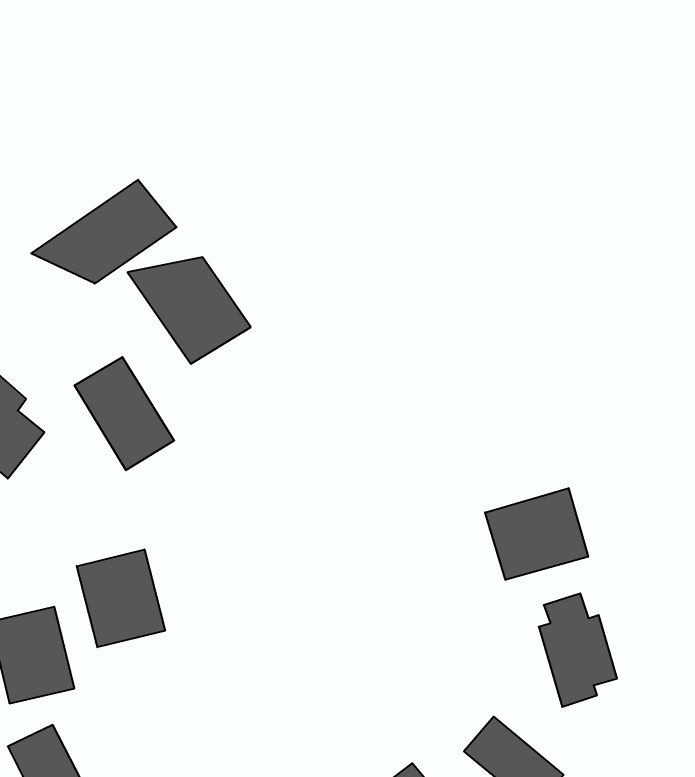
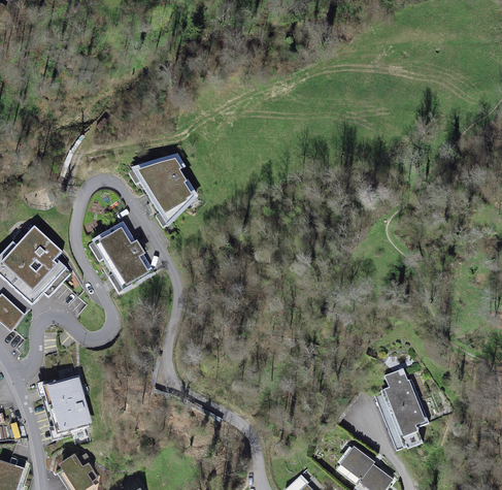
building: [31,180,177,284] -> none
building: [485,488,588,580] -> none
building: [77,549,165,647] -> none

